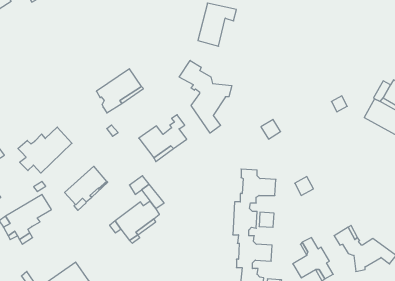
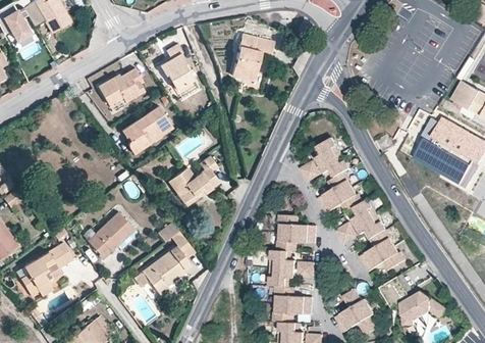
building: none -> [160,43,194,90]
building: none -> [99,67,145,105]
building: [179,60,232,133] -> none
building: none -> [316,138,407,272]
building: [18,127,72,173] -> none

